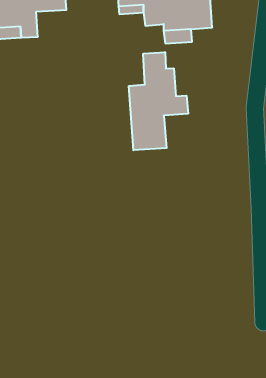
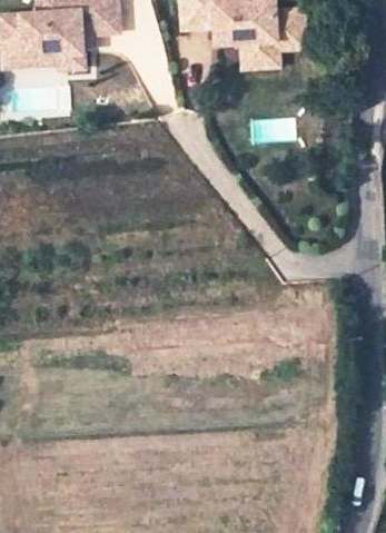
building: [129,52,188,150] -> none

